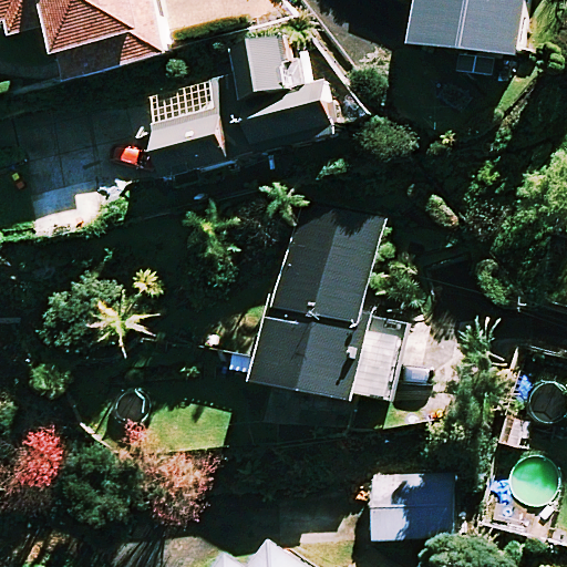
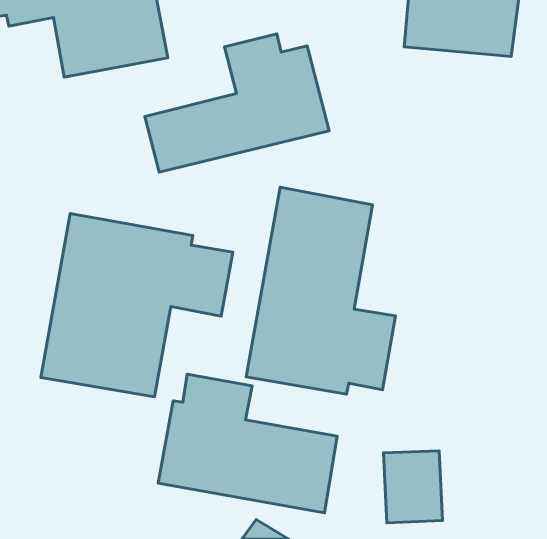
building: none -> [41,213,233,397]
building: none -> [158,374,337,513]

